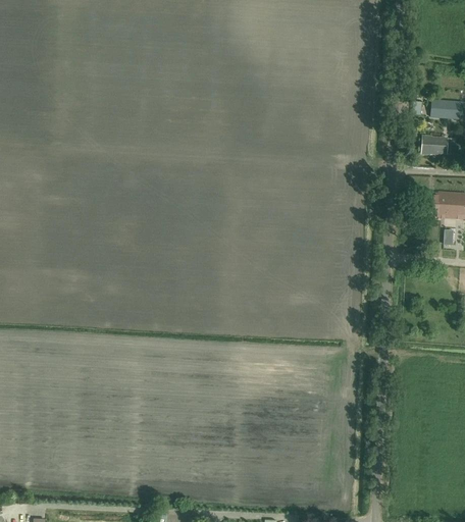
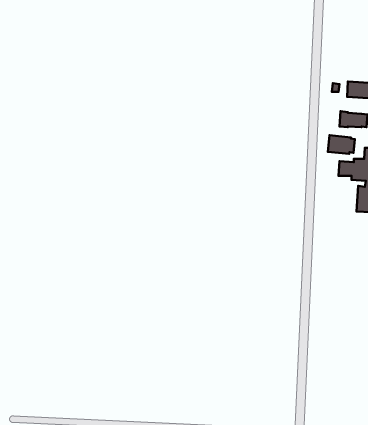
building: none -> [328,135,355,154]

